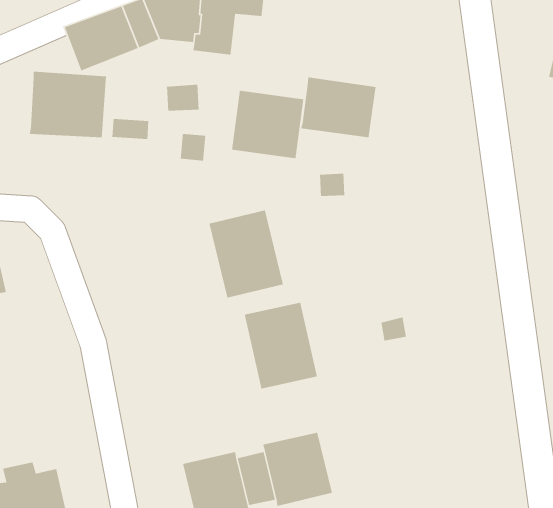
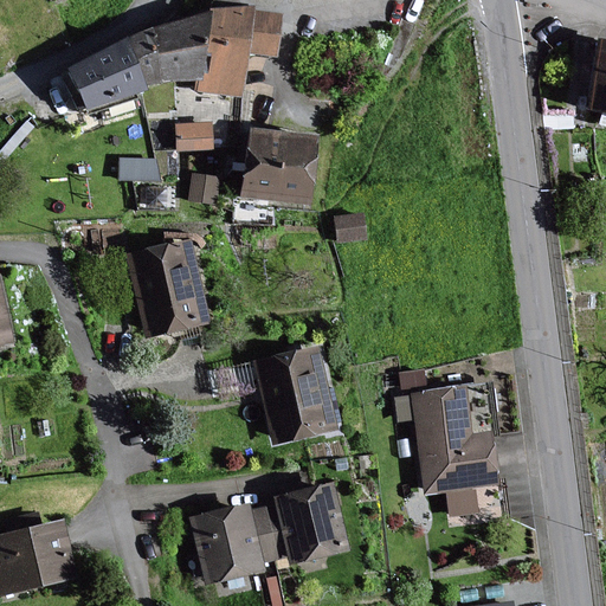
building: [29,71,107,138] -> none
building: [300,77,377,138] -> none
building: [209,210,284,299] -> [128,241,206,334]
building: none -> [393,386,497,515]

